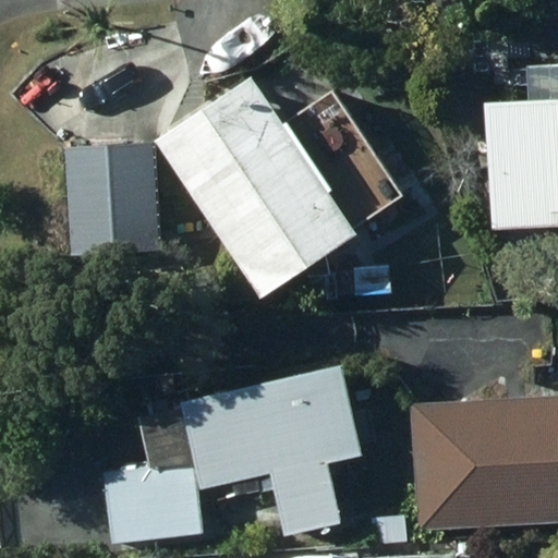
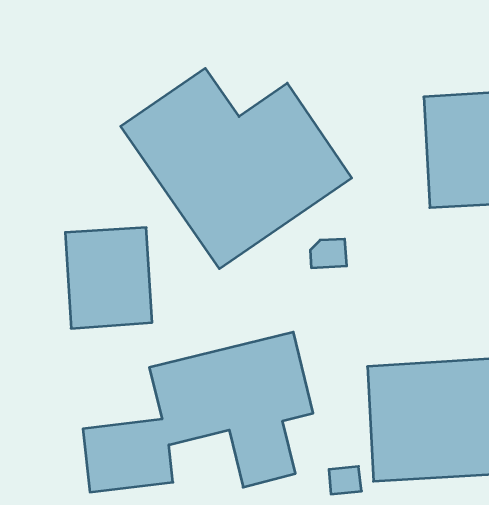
building: [36,141,132,252] -> [65,228,152,328]

